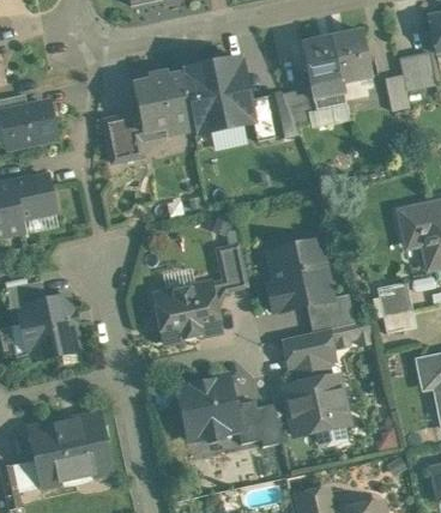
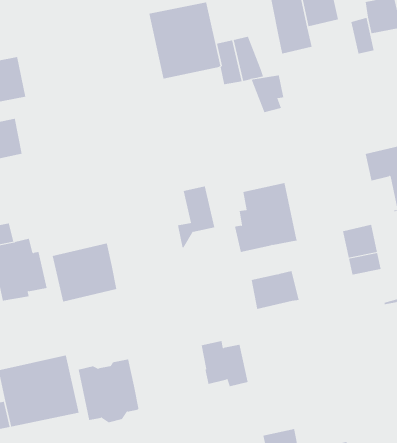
building: [134,71,194,134] -> none
building: [282,86,315,125] -> [251,75,284,113]
building: [103,113,143,161] -> none
building: [153,282,219,342] -> [52,243,117,302]
building: [306,292,354,331] -> none
building: [285,358,346,431] -> none
building: [176,375,238,440] -> [78,359,140,423]

